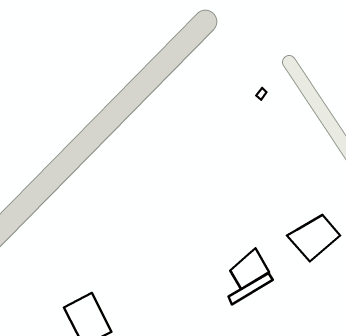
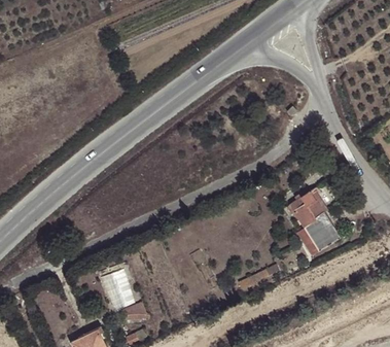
building: none -> [290,188,329,230]
building: [230,248,269,289] -> none

